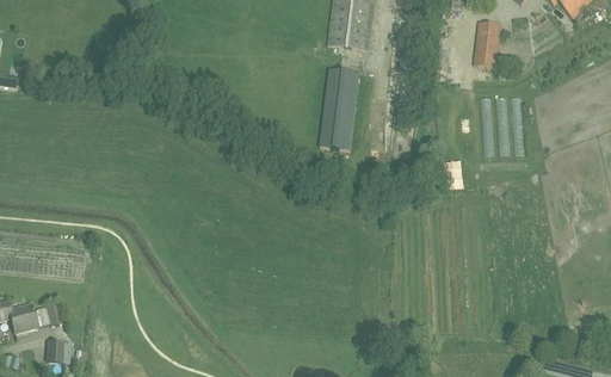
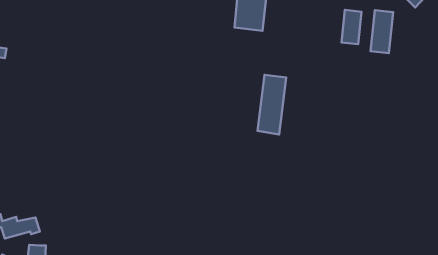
building: none -> [370,10,393,53]
building: [319,68,358,149] -> [257,75,286,134]

